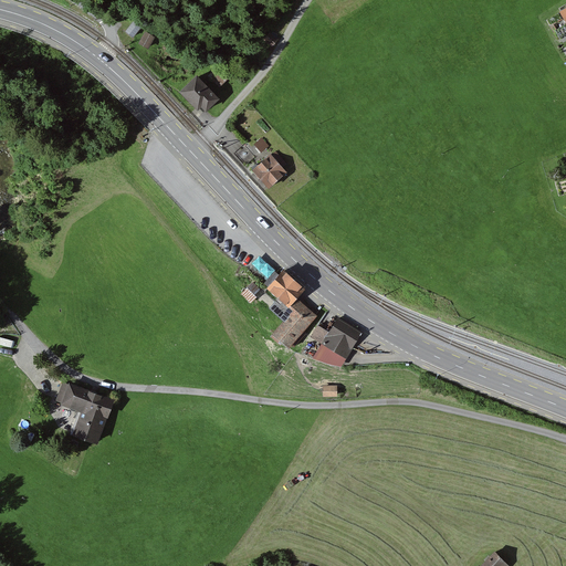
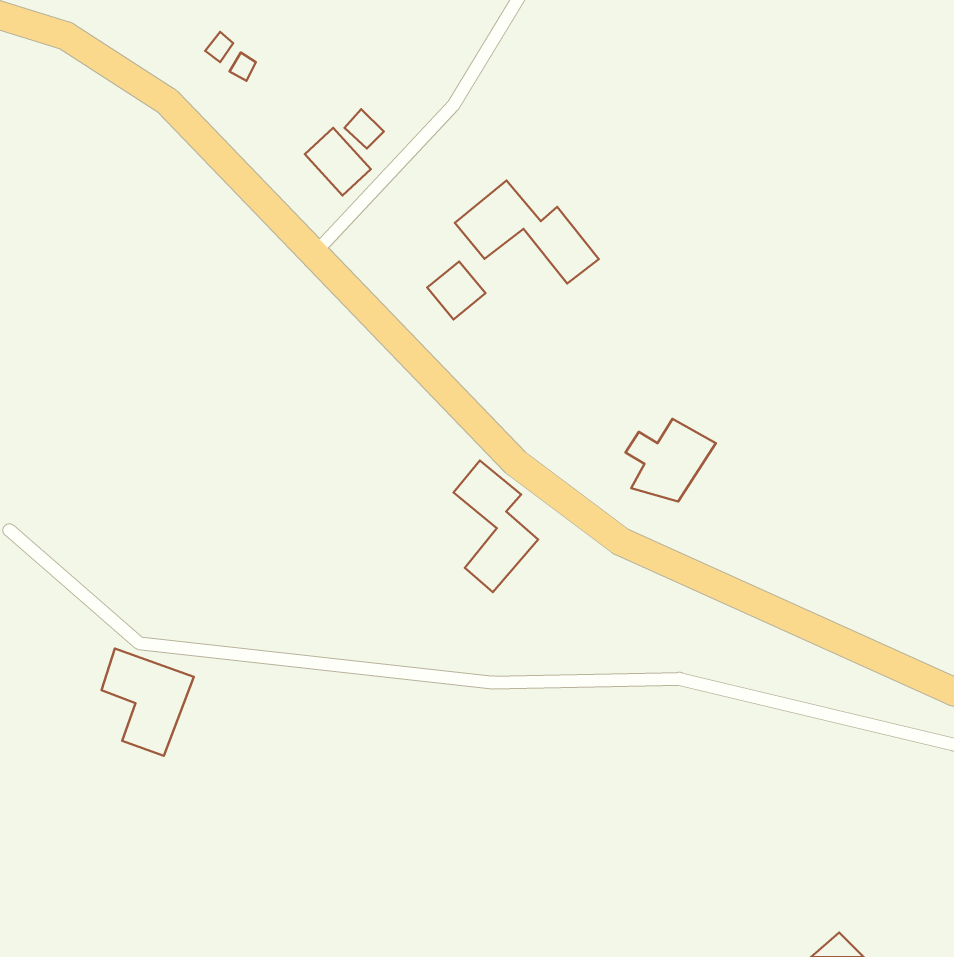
building: none -> [455,180,599,284]
building: [306,316,359,365] -> [626,419,716,501]

